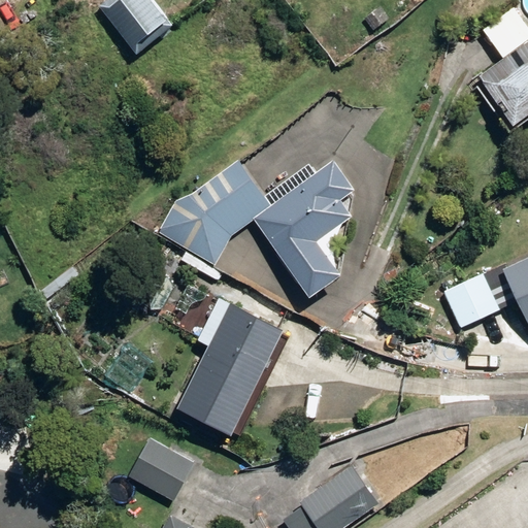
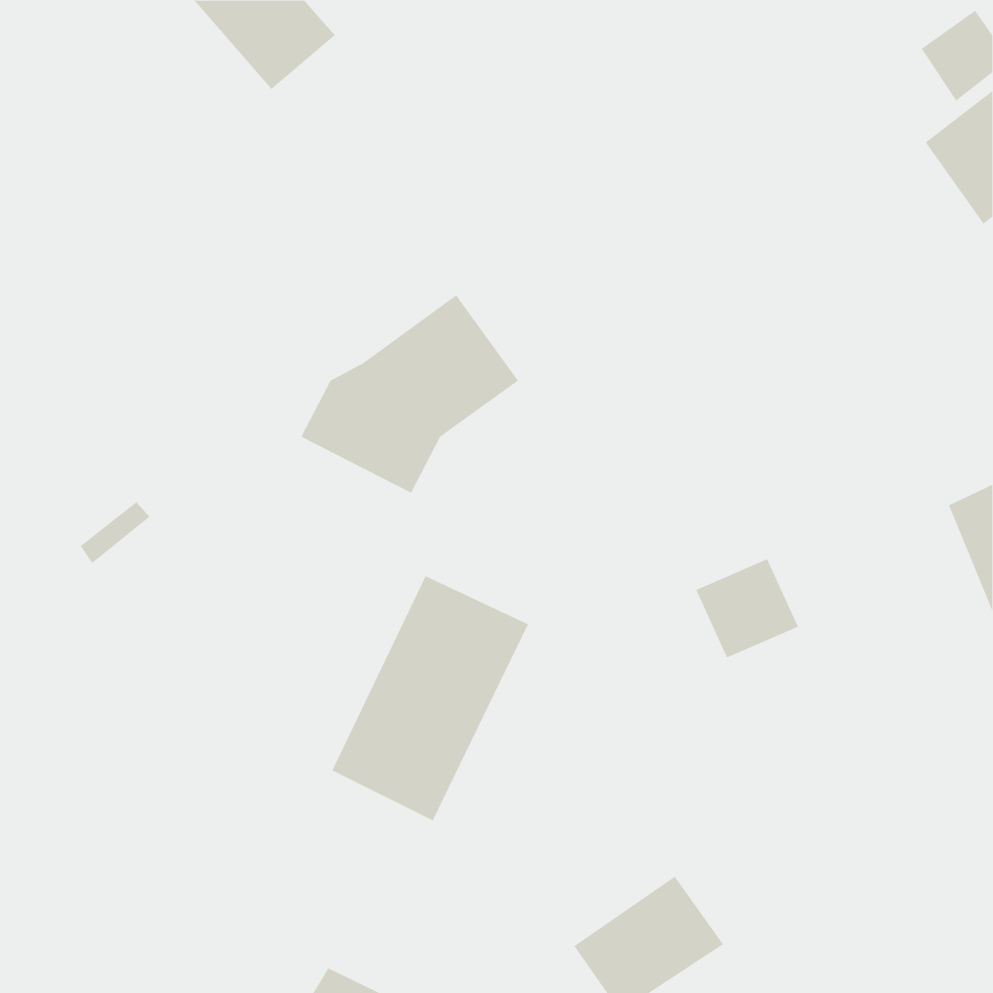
building: [254,164,353,299] -> none
building: [443,275,498,328] -> [695,559,799,658]
building: [130,437,197,501] -> none

